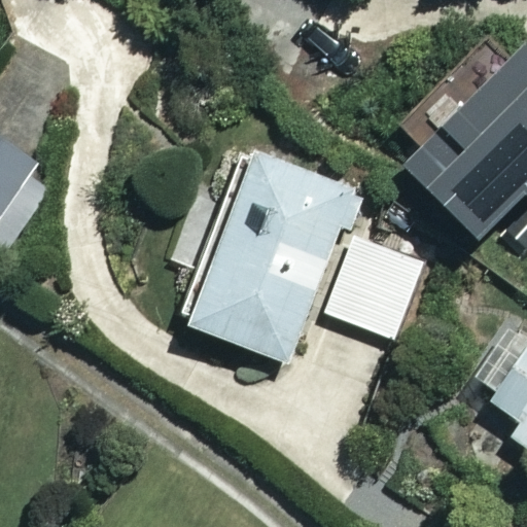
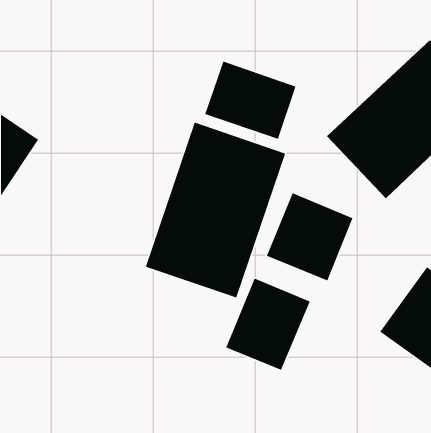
building: none -> [204,61,297,140]
building: none -> [225,278,311,371]

